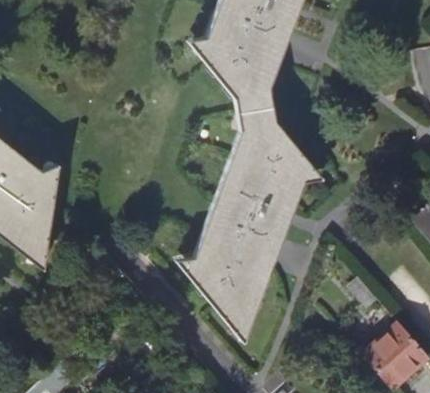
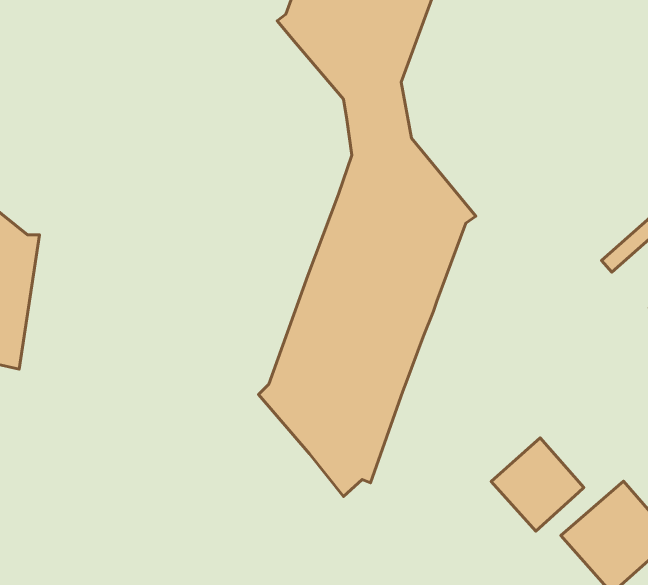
building: none -> [491,438,584,531]

